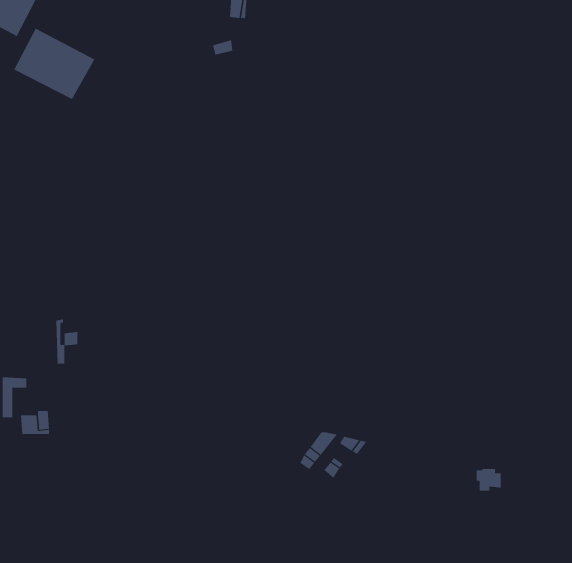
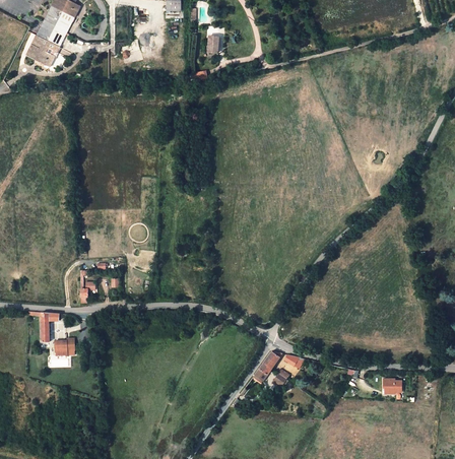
building: [14,28,95,100] -> none

